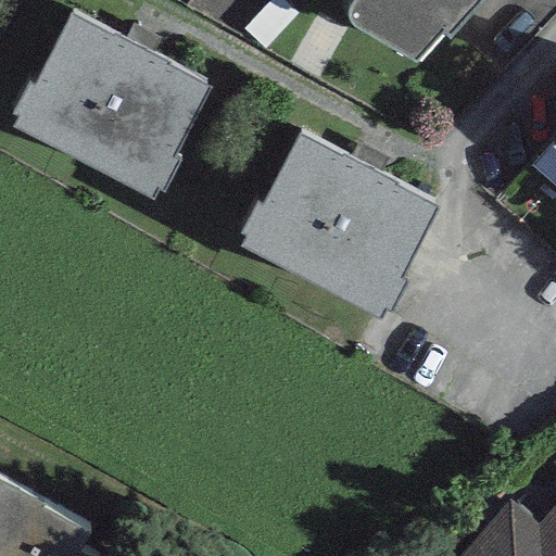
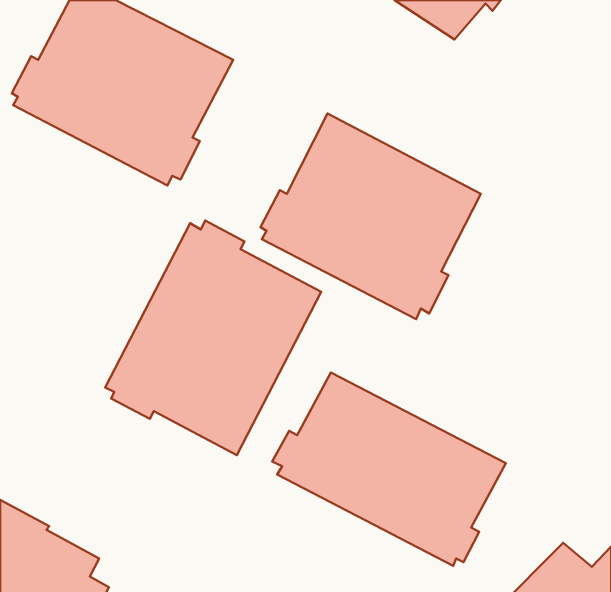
building: none -> [105,220,321,455]
building: none -> [272,373,506,566]

